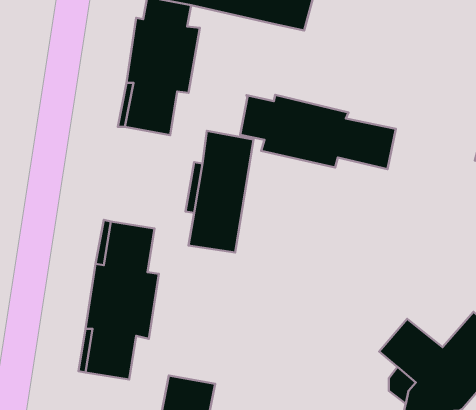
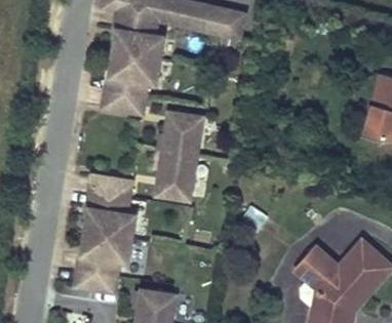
building: [240,95,396,169] -> none

